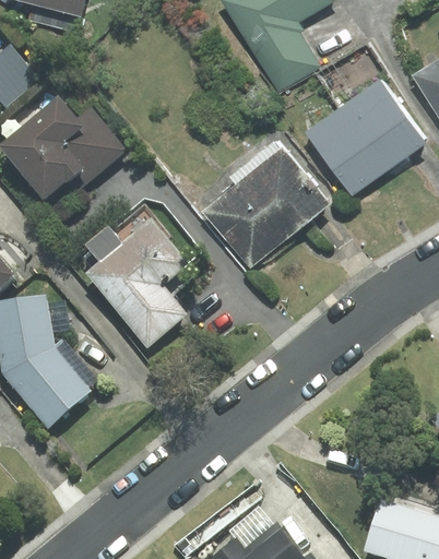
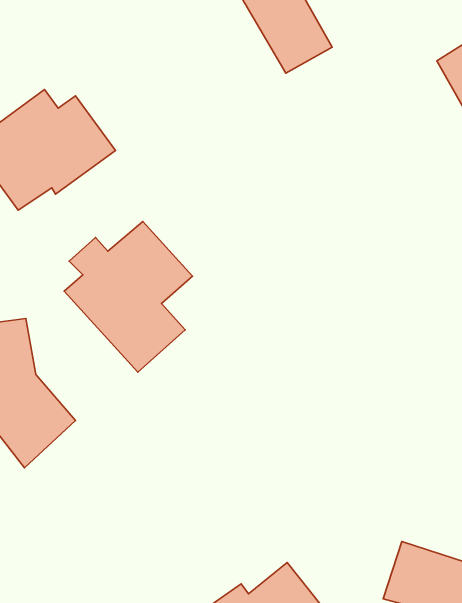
building: [304,74,425,193] -> none
building: [201,135,329,263] -> none

